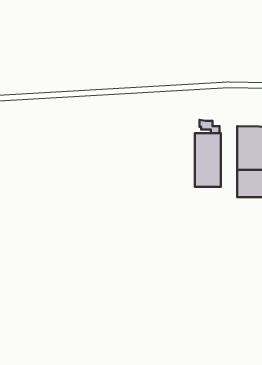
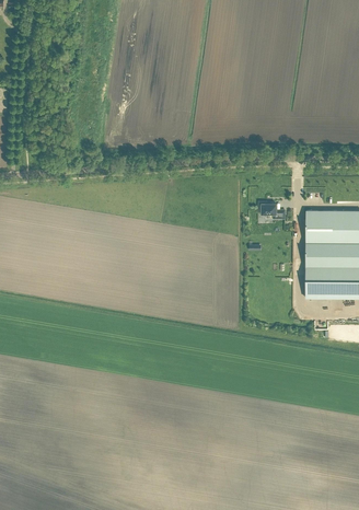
building: [195,133,221,187] -> none

